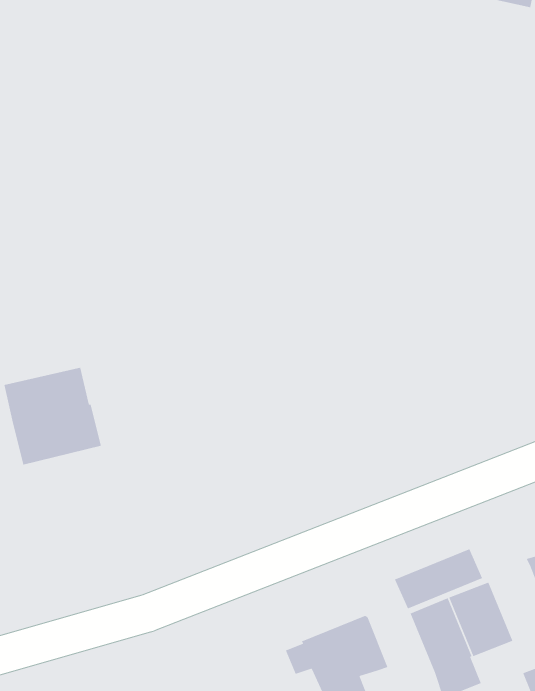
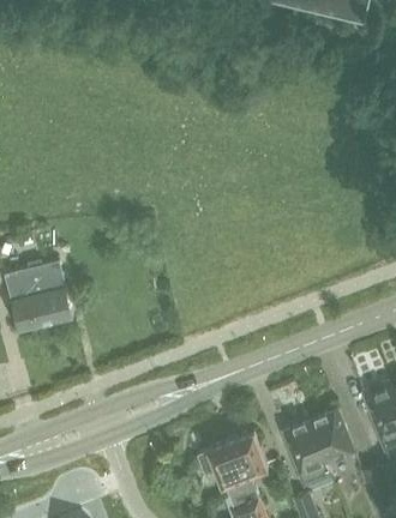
building: [394,548,483,610] -> none

